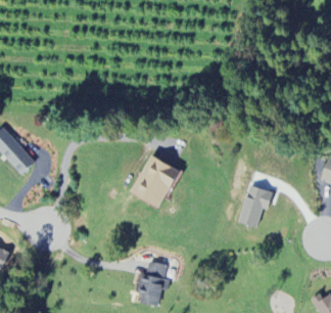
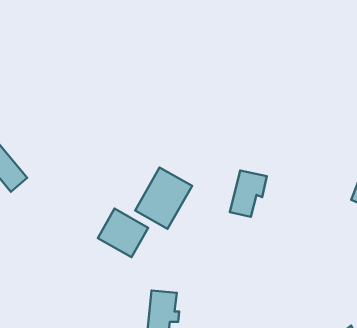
building: [239,186,272,227] -> [230,170,267,217]
building: none -> [98,209,148,257]

